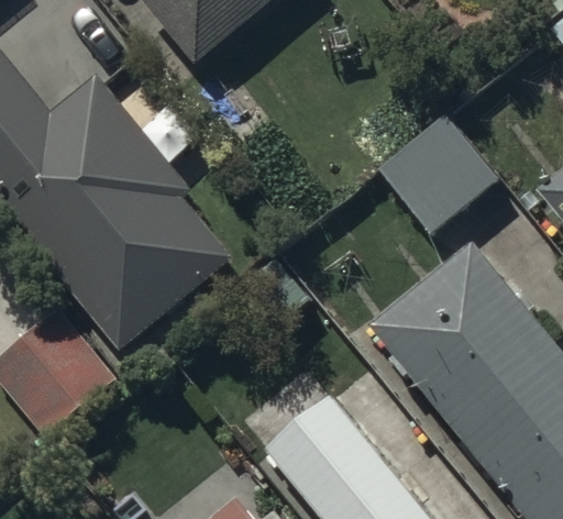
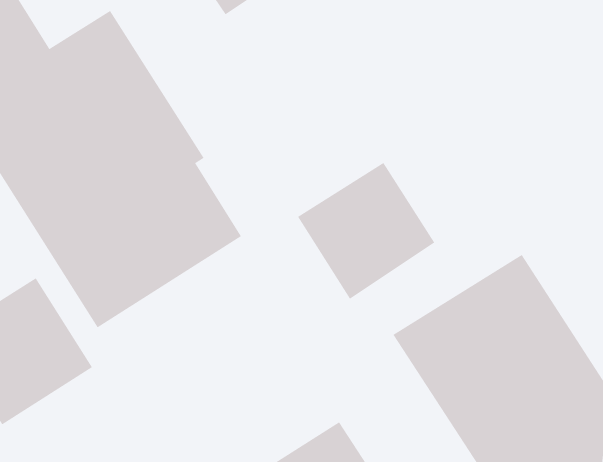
building: [377,113,498,234] -> [297,162,435,300]

